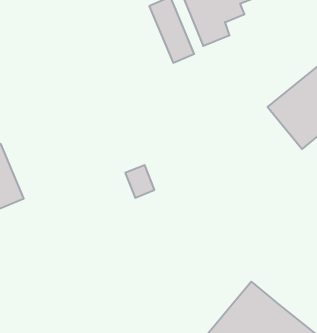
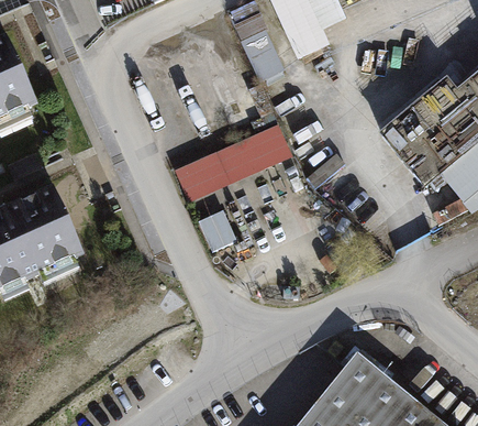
building: none -> [177,124,298,204]

